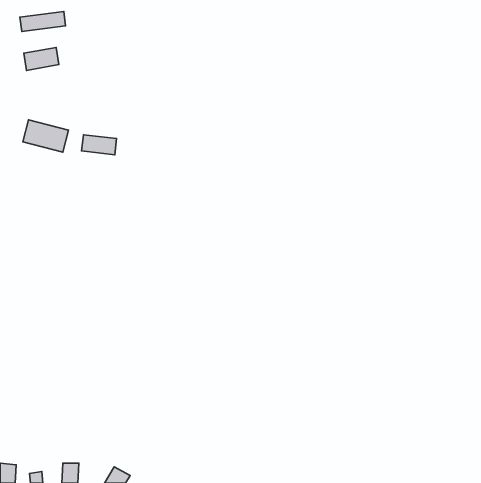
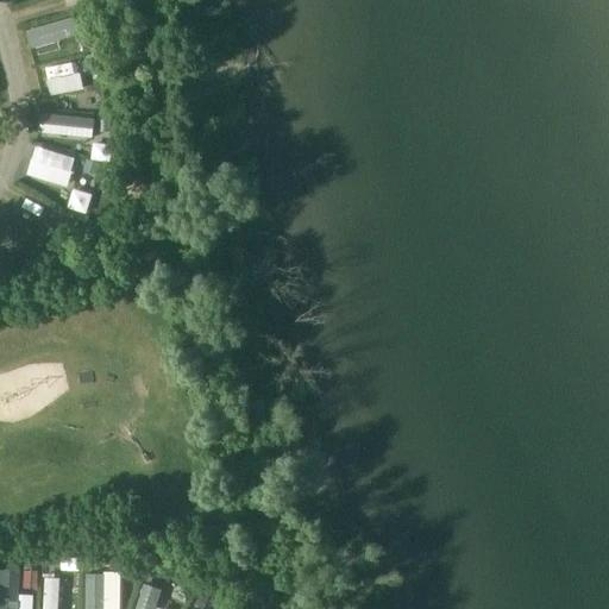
building: [81,135,117,155] -> [46,113,90,138]

